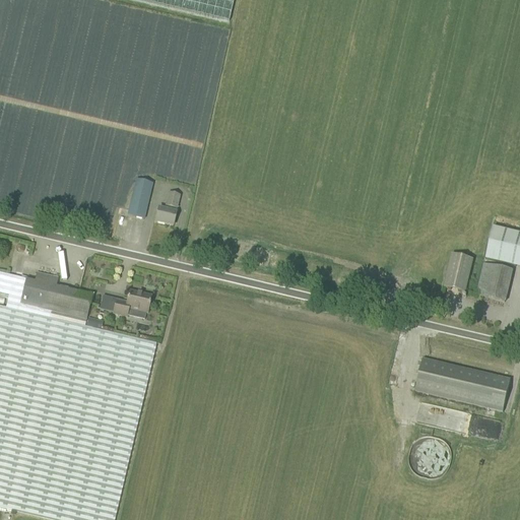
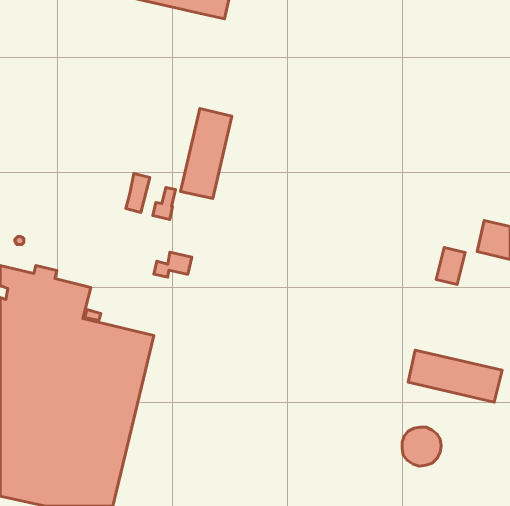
building: none -> [181,108,232,198]
building: [477,260,514,298] -> none
building: [113,288,151,314] -> [154,252,192,277]

